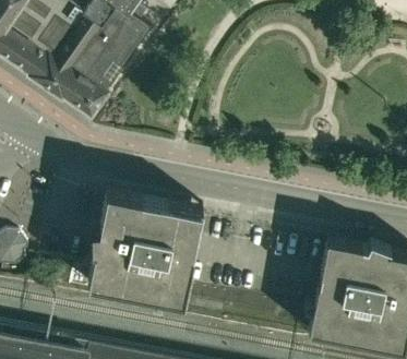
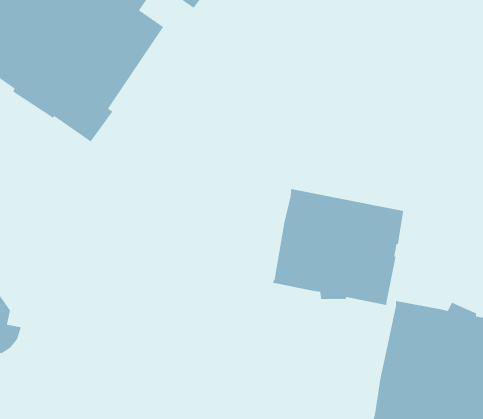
building: none -> [272,188,404,306]
building: [86,187,201,302] -> none

